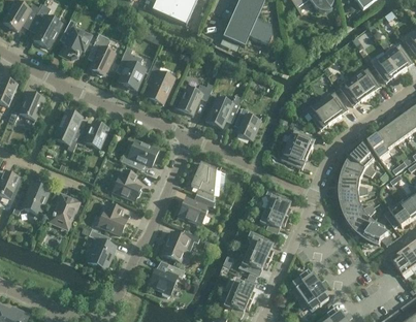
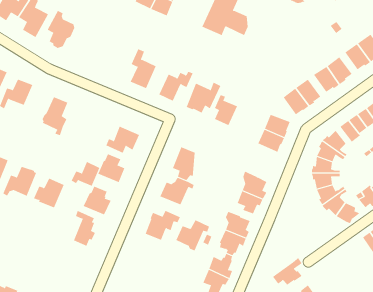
building: [87,32,114,74] -> none
building: [116,45,145,88] -> none
building: [76,120,107,147] -> [71,161,100,187]
building: [148,262,184,295] -> [175,220,210,251]
building: [290,268,318,298] -> none

